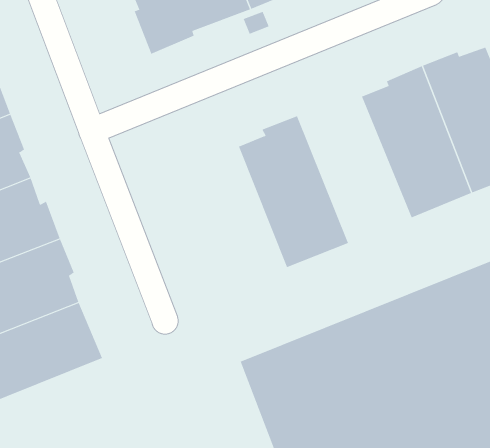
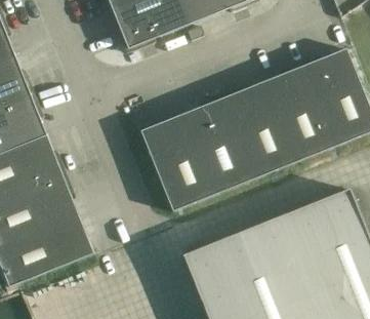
building: none -> [220,81,295,177]
building: none -> [134,114,213,211]

